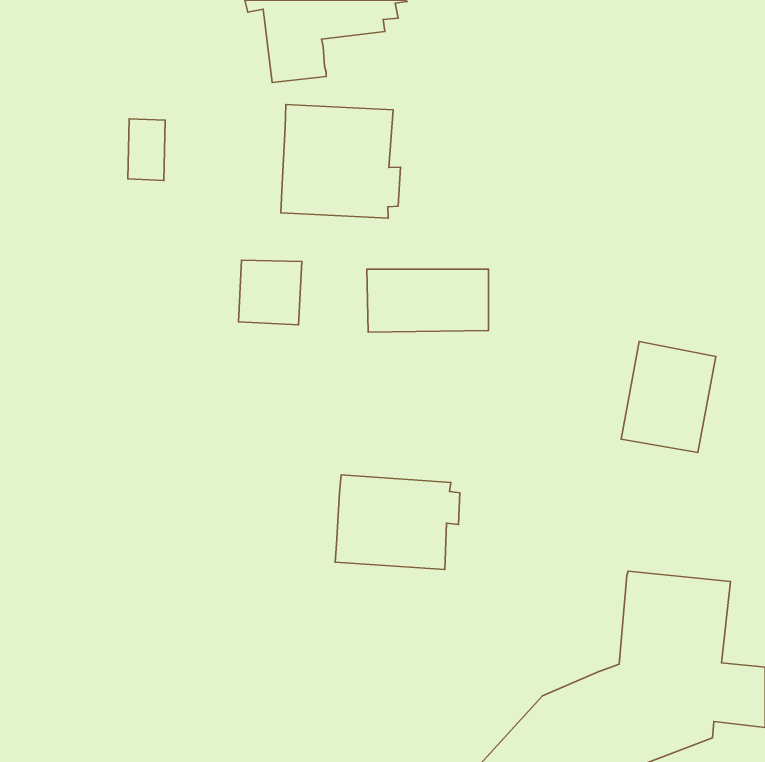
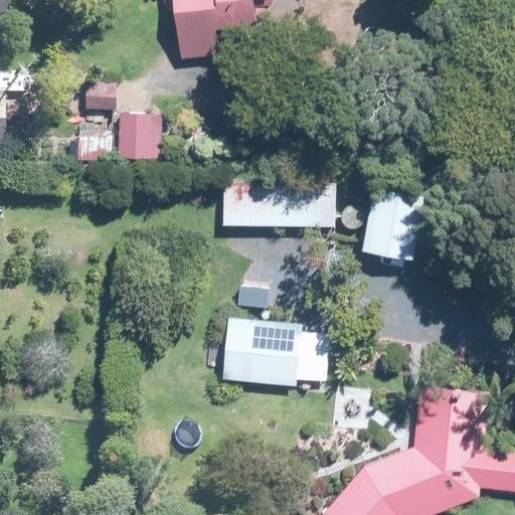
building: [281,105,401,218] -> none
building: [239,260,302,325] -> [116,116,158,159]
building: [621,341,716,453] -> [363,185,426,260]

